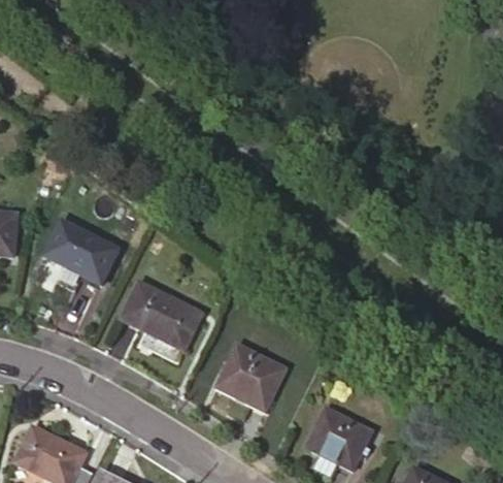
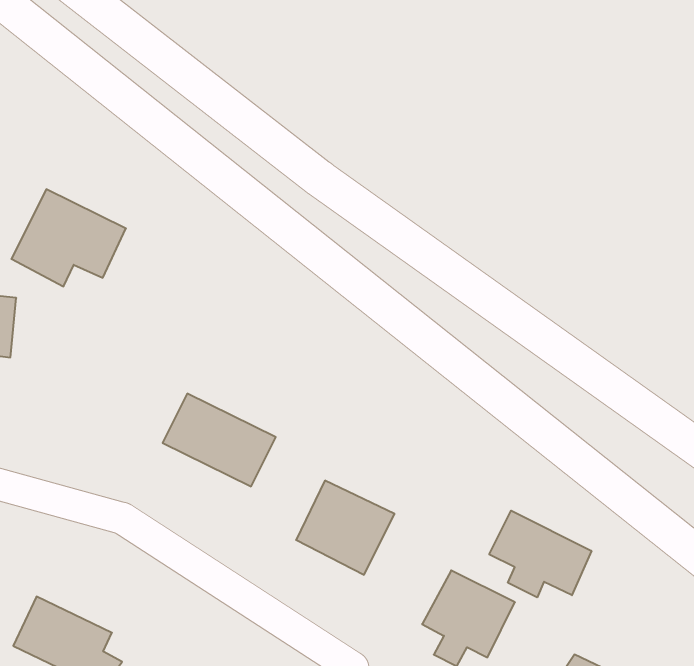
building: [37,220,119,289] -> [11,189,126,286]
building: none -> [489,511,591,597]

